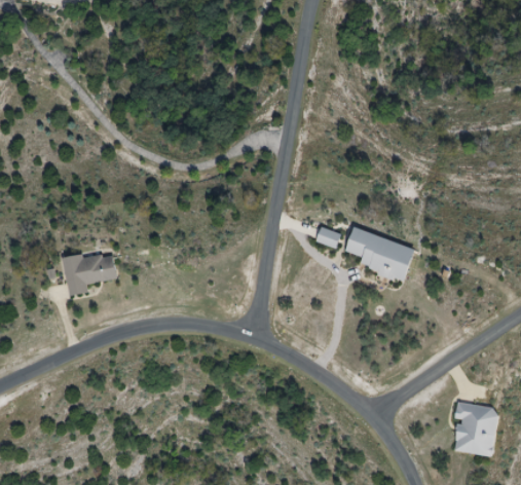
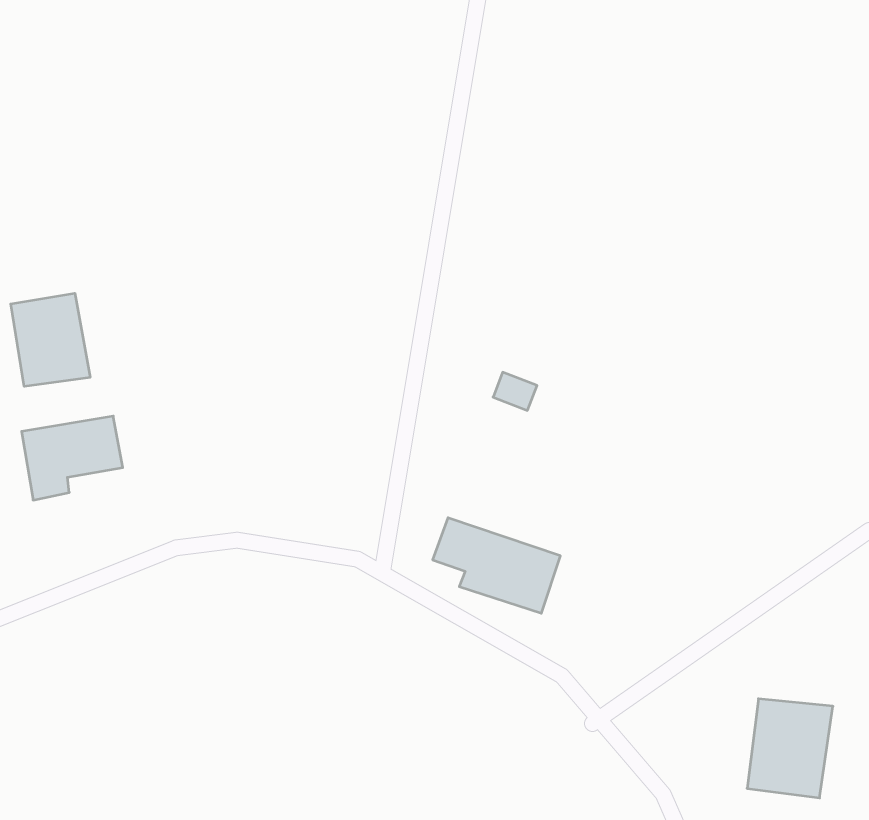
building: none -> [11,293,90,386]
building: [344,227,413,278] -> [433,518,560,613]

